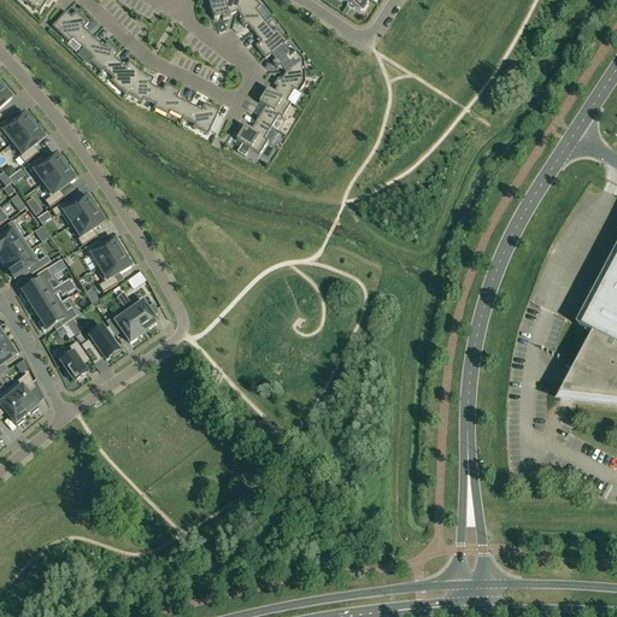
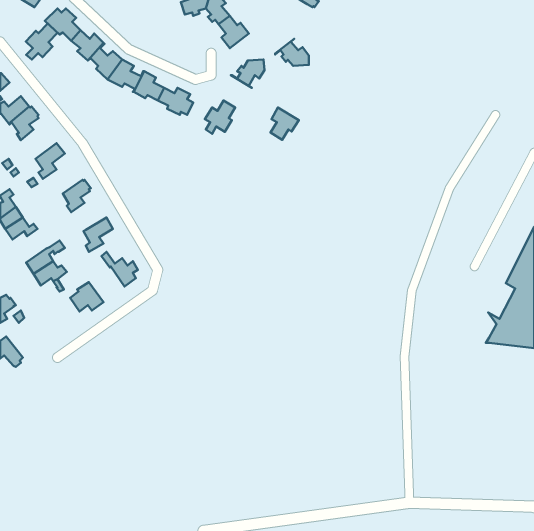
building: none -> [26,24,58,60]
building: [265,39,304,70] -> [275,39,309,66]
building: [258,87,290,124] -> [271,108,299,140]
building: [27,152,66,183] -> none
building: [51,194,95,224] -> none
building: [83,237,124,265] -> none
building: [22,266,53,302] -> none
building: [106,307,143,341] -> none
building: [57,340,88,381] -> none
building: [7,371,39,412] -> none

